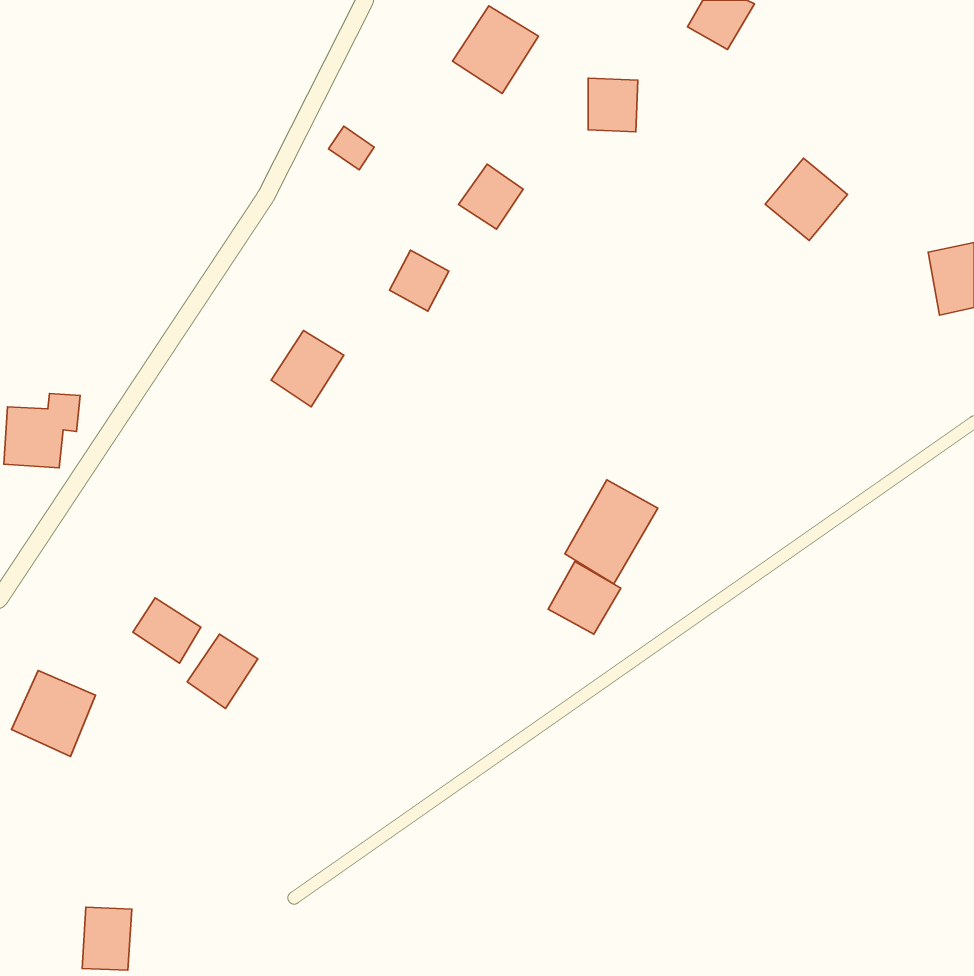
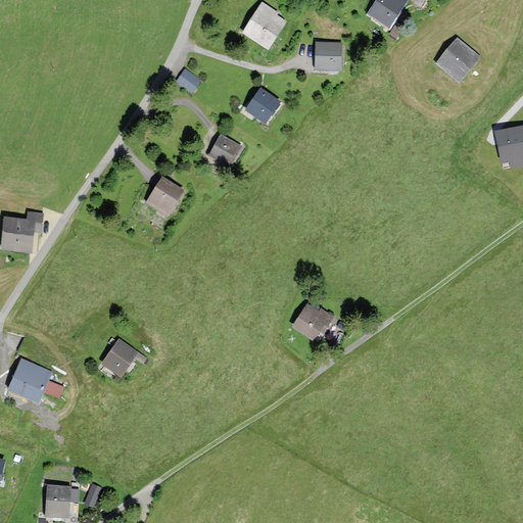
building: [765,158,847,240] -> [436,38,480,82]
building: [565,480,658,584] -> none
building: [133,598,201,663] -> none

